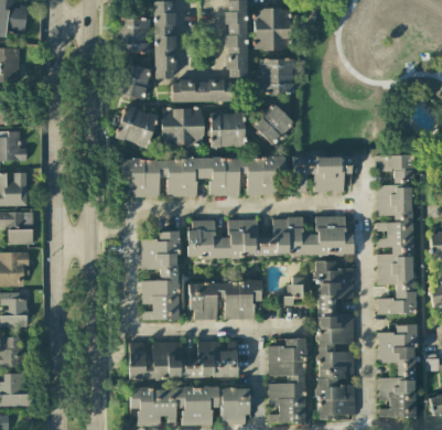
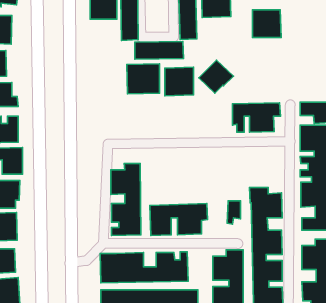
building: [258,60,293,94] -> [253,10,281,38]
building: [121,65,149,99] -> none
building: [115,106,157,149] -> none
building: [119,159,284,197] -> none
building: [187,216,353,258] -> none

